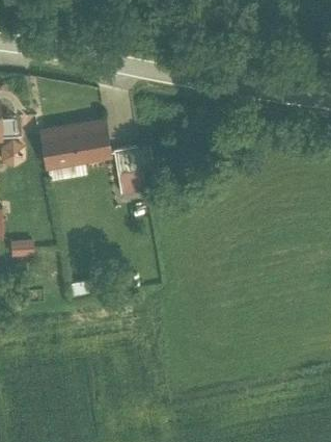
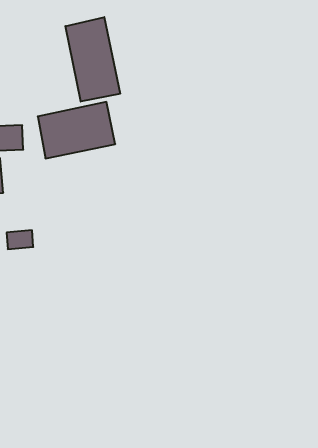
building: none -> [65,17,120,102]
building: [116,146,149,192] -> none

